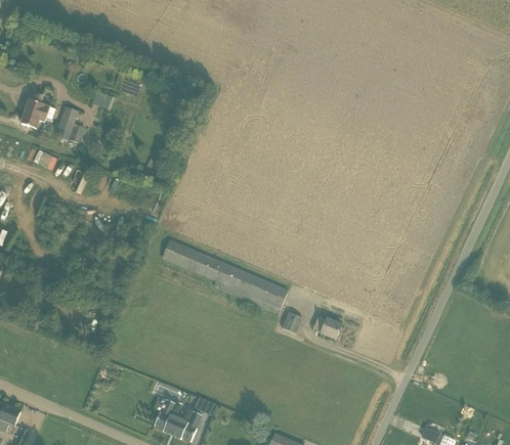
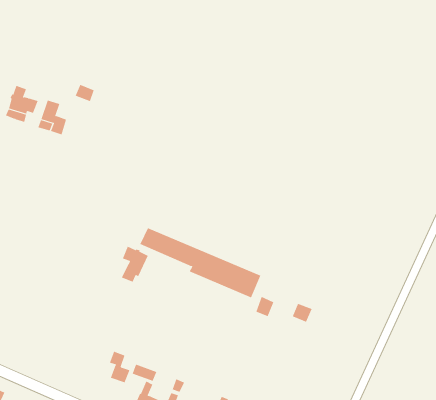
building: none -> [121,246,148,283]
building: none -> [109,351,130,383]

